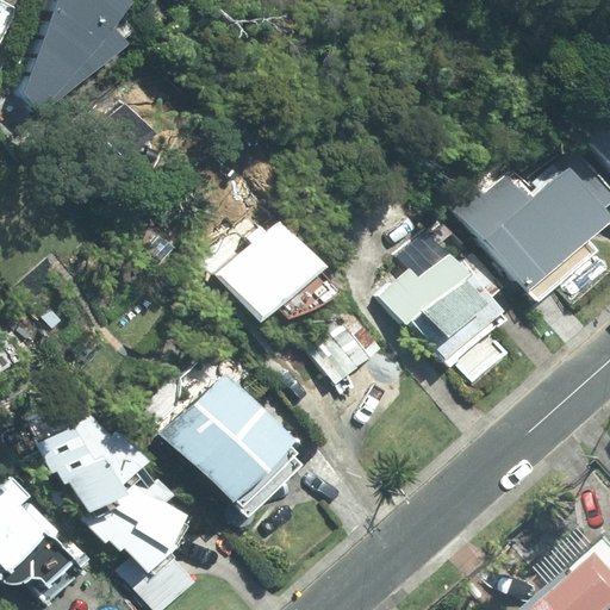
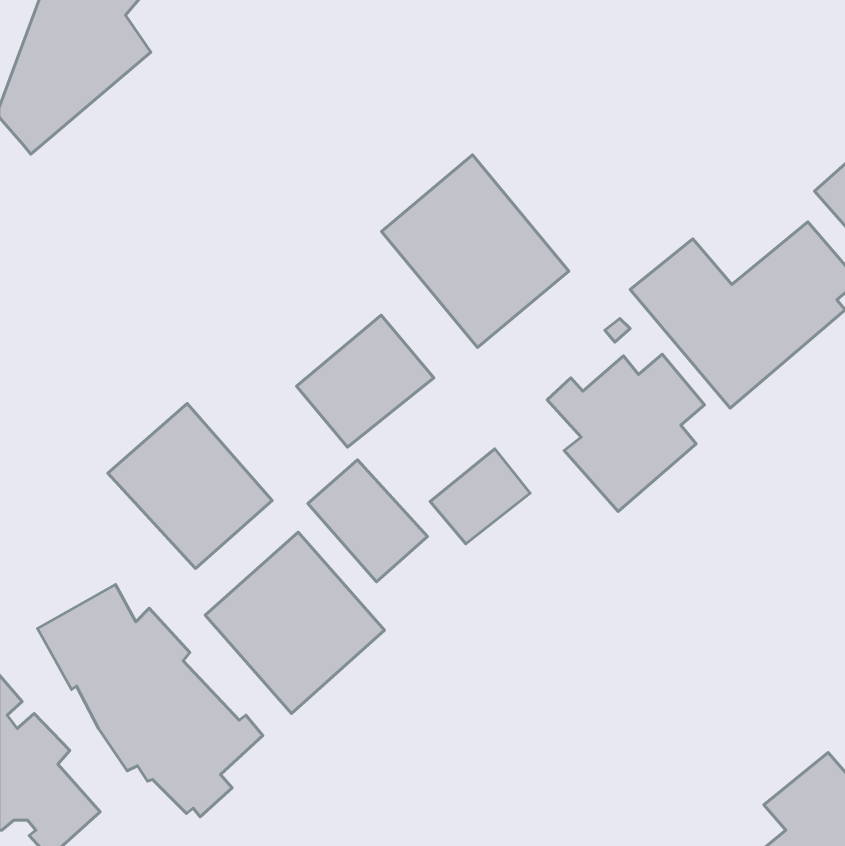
building: none -> [381,155,569,347]
building: none -> [108,403,272,568]
building: none -> [308,460,428,582]

